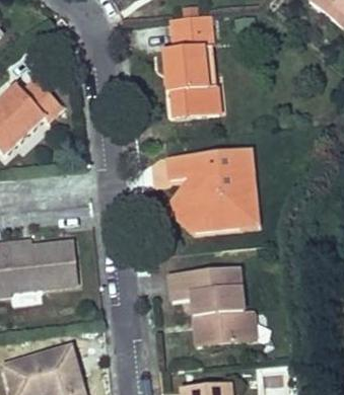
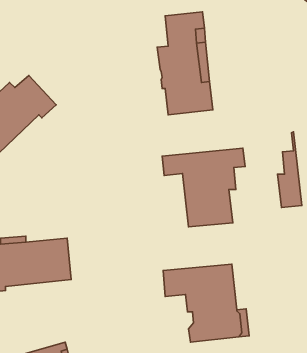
building: [235,150,260,226] -> [277,132,302,208]
building: [163,176,195,231] -> none

